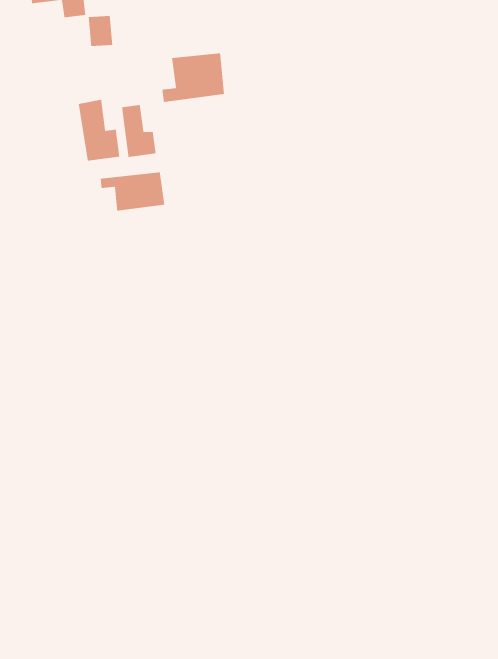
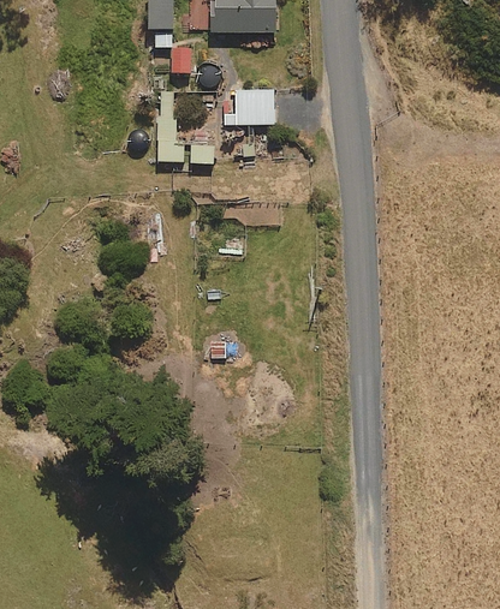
building: [100,172,165,211] -> none

